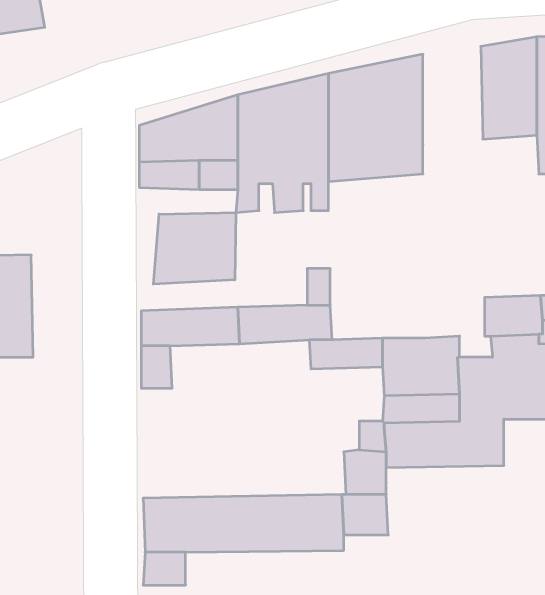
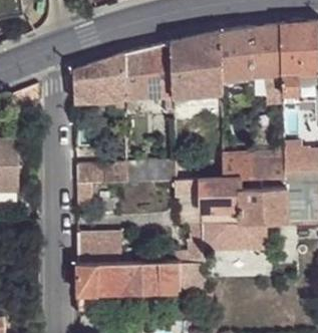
building: none -> [221,29,252,80]
building: [153,213,236,284] -> none
building: none -> [221,155,253,181]
building: none -> [75,229,121,264]

